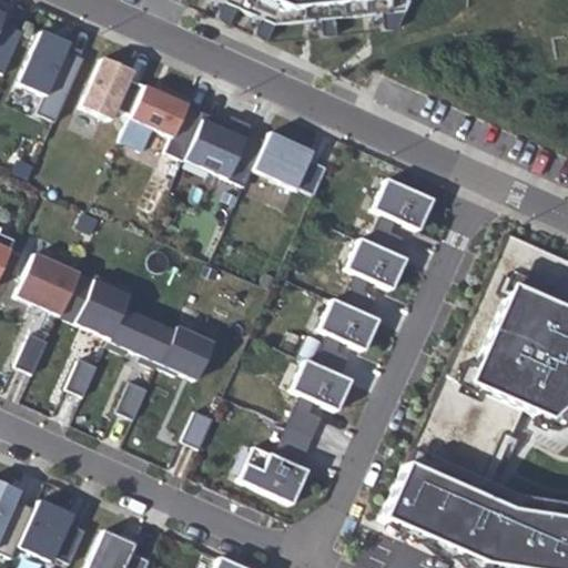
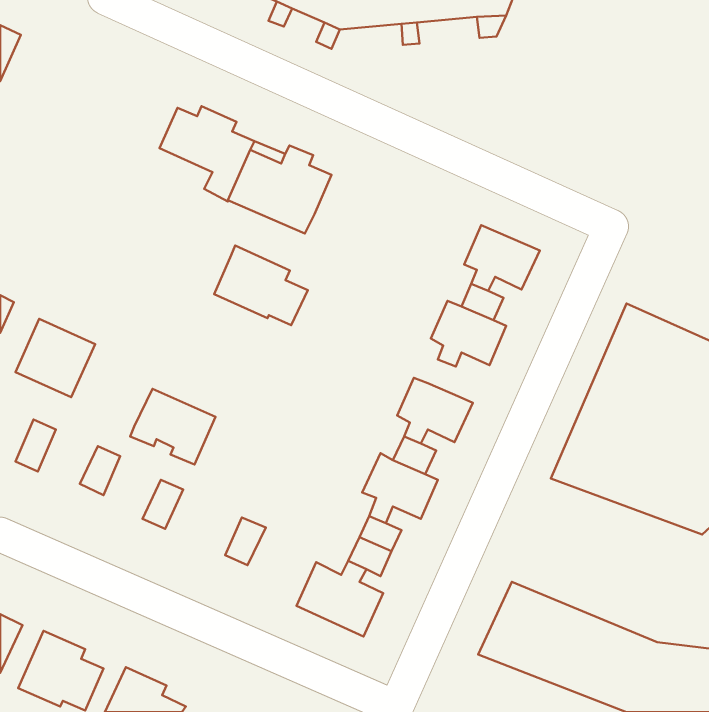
building: [19,30,84,121] -> none
building: [81,57,145,119] -> none
building: [254,131,328,194] -> [214,245,308,325]
building: [61,272,133,338] -> none
building: [159,326,206,376] -> none

